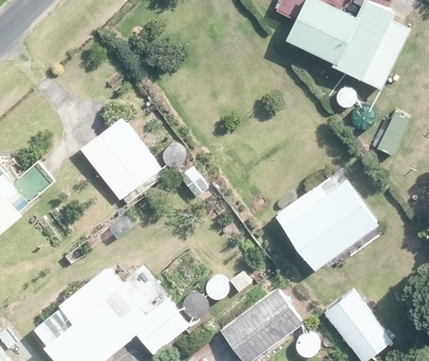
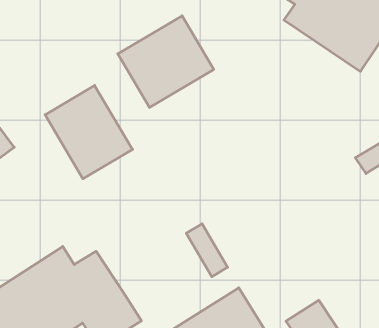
building: none -> [118,16,214,107]
building: [273,171,384,274] -> none

